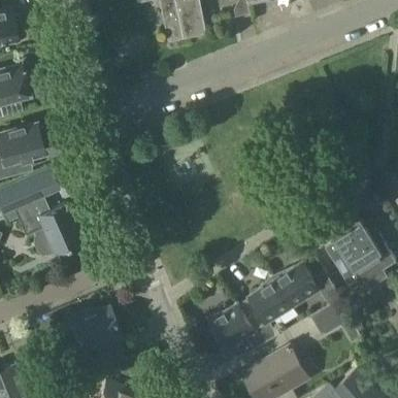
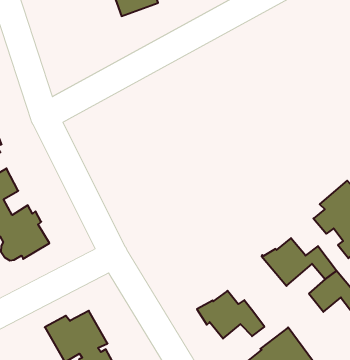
building: [238,275,293,340] -> none

